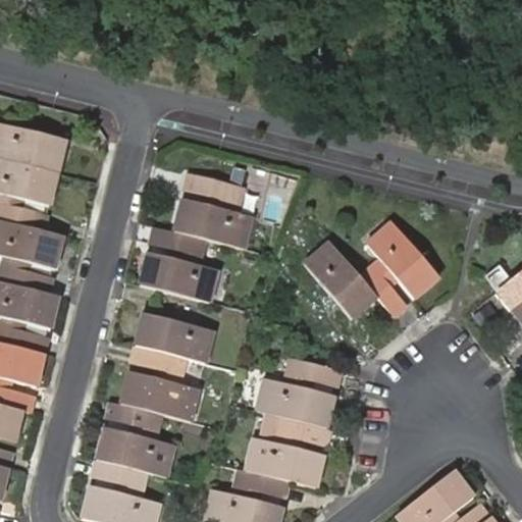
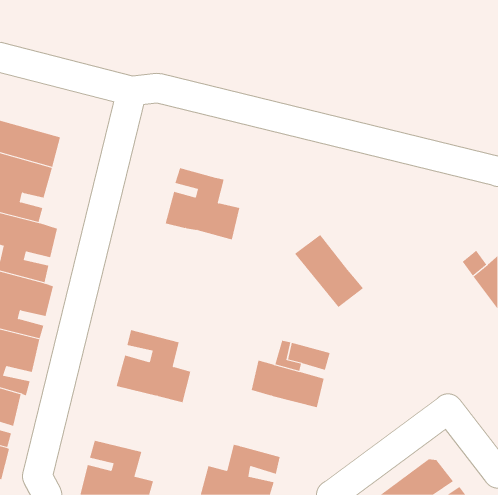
building: [139,227,216,302] -> none
building: [362,227,441,321] -> none
building: [136,311,213,360] -> none
building: [98,400,175,475] -> none
building: [250,412,333,482] -> none

